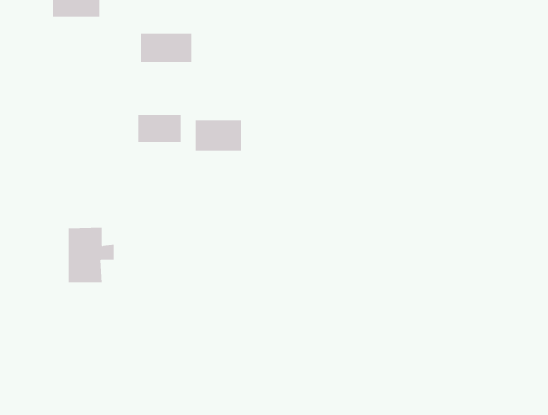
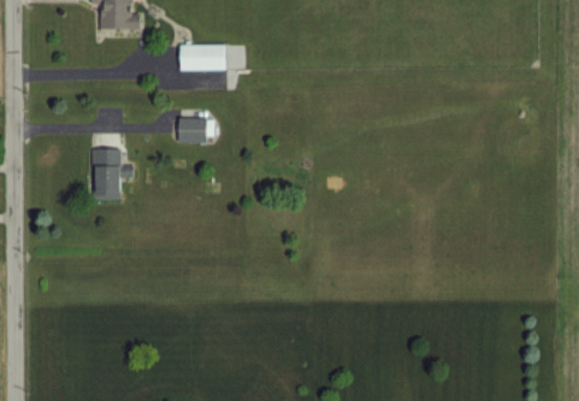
building: [195,120,241,152] -> none
building: [68,227,115,283] -> [91,148,134,199]

